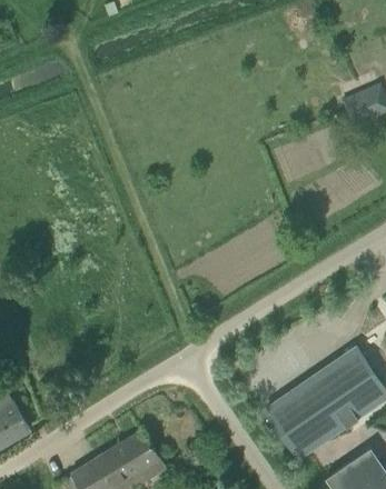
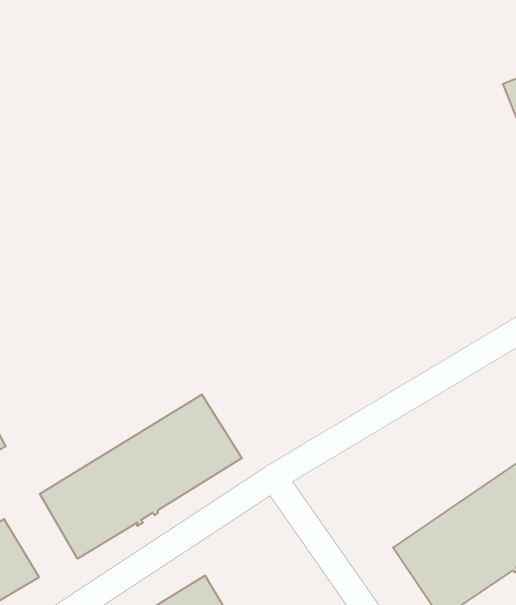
building: none -> [40,394,242,559]

